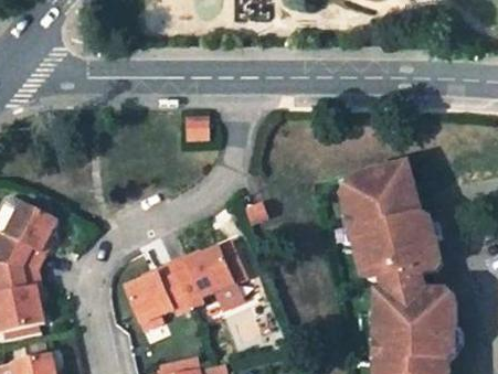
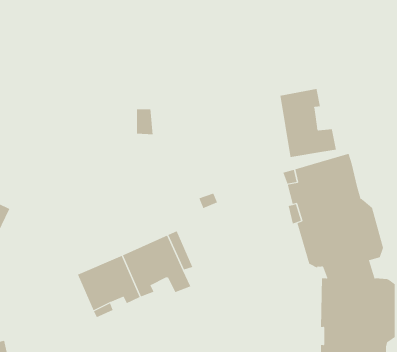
building: none -> [280,88,336,158]

